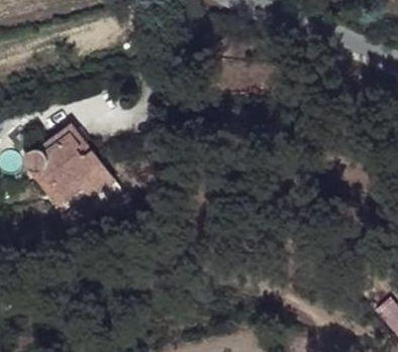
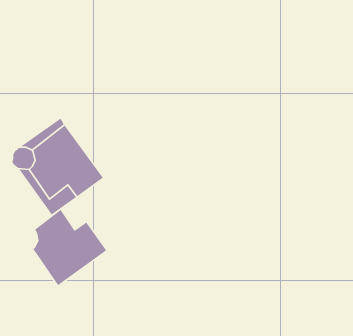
building: none -> [33,209,107,286]

